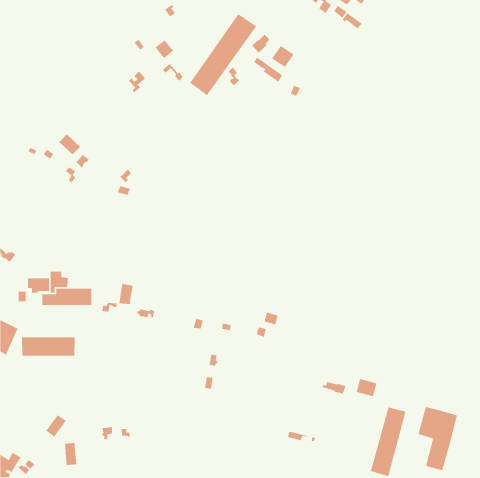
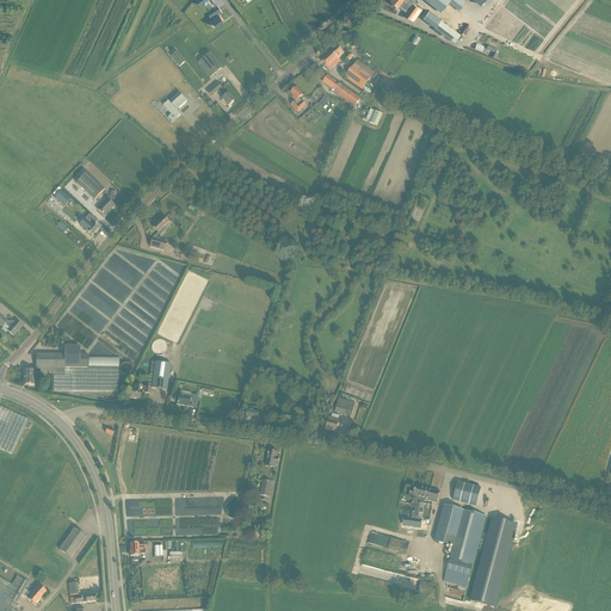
building: [189,13,257,96] -> none
building: [21,337,75,357] -> none
building: [418,406,458,471] -> [433,502,485,585]

